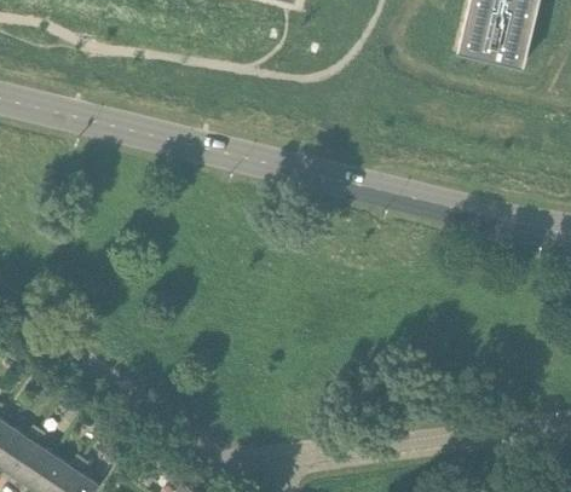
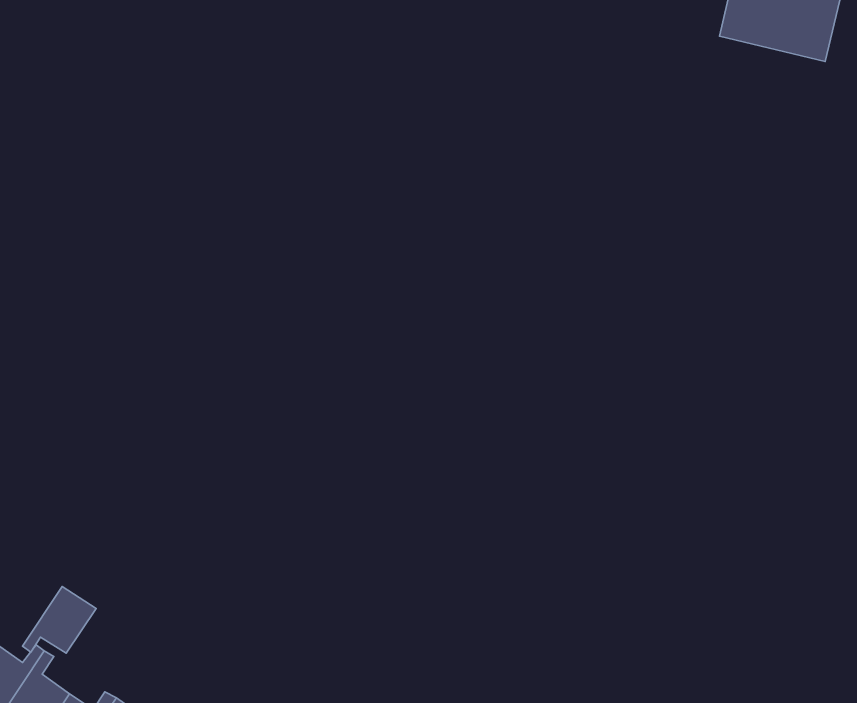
building: none -> [22,586,96,653]

